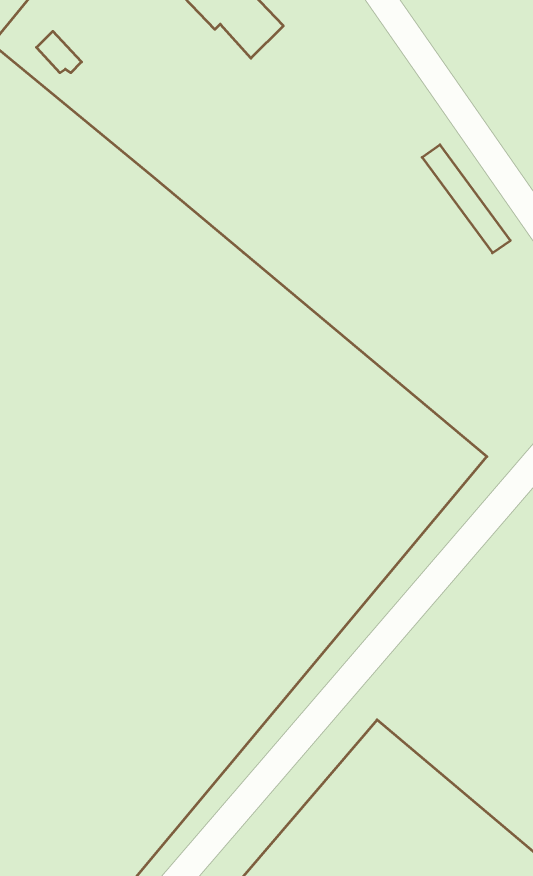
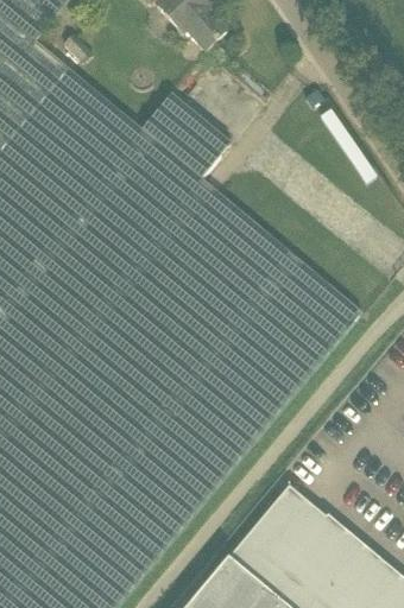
building: none -> [143,94,232,179]

